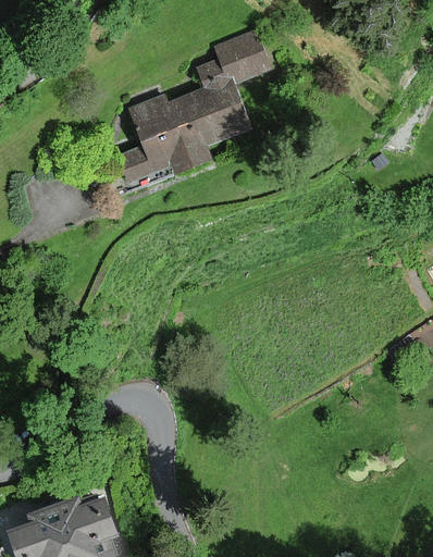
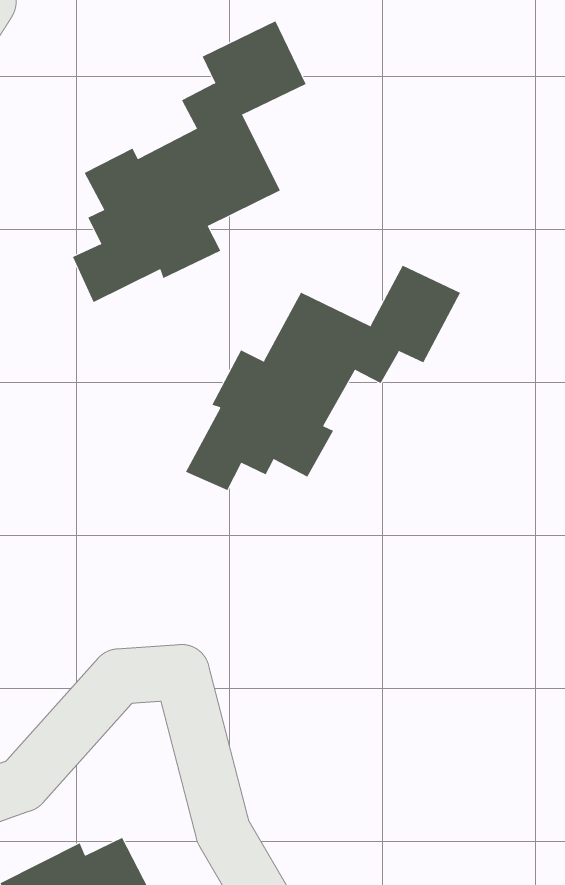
building: none -> [185,265,461,491]

